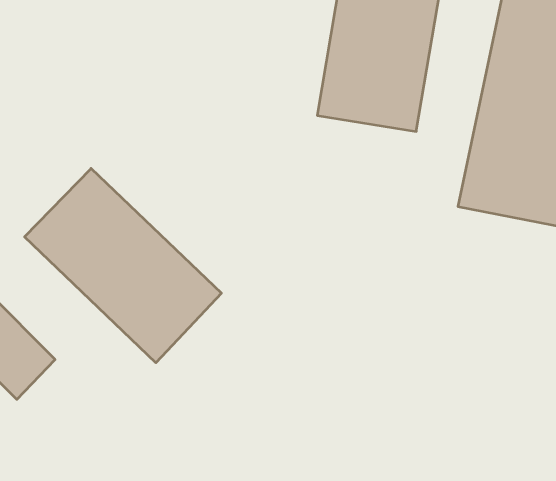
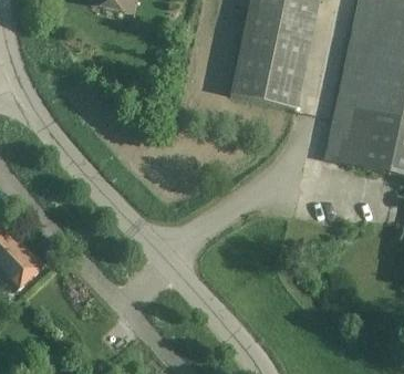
building: [25,168,221,363] -> none

